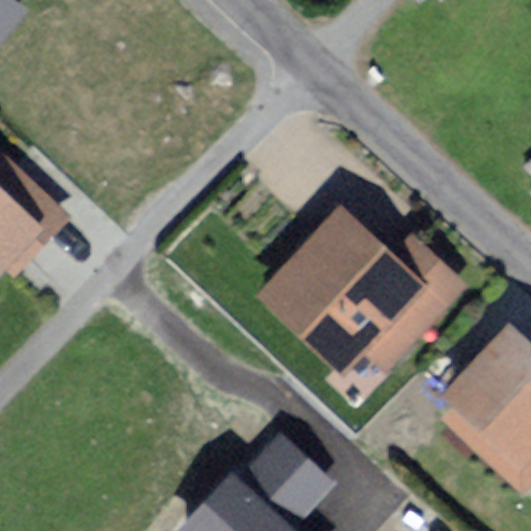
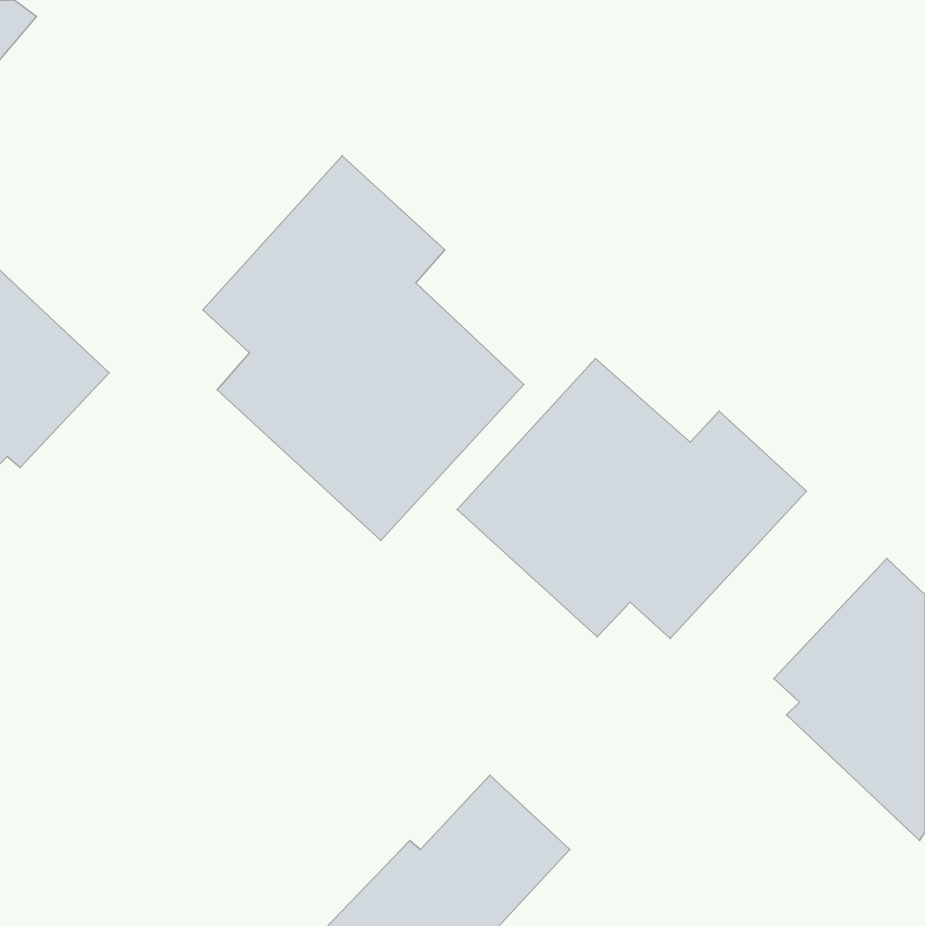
building: none -> [203,156,524,540]

